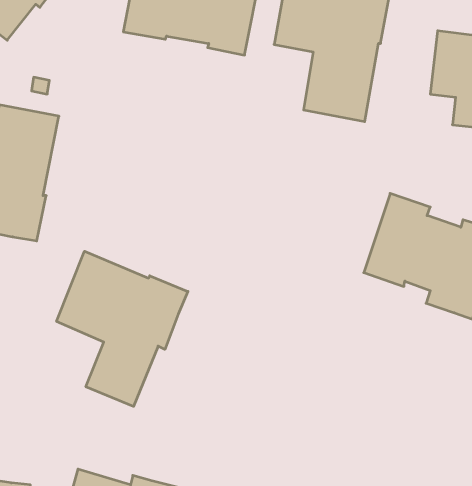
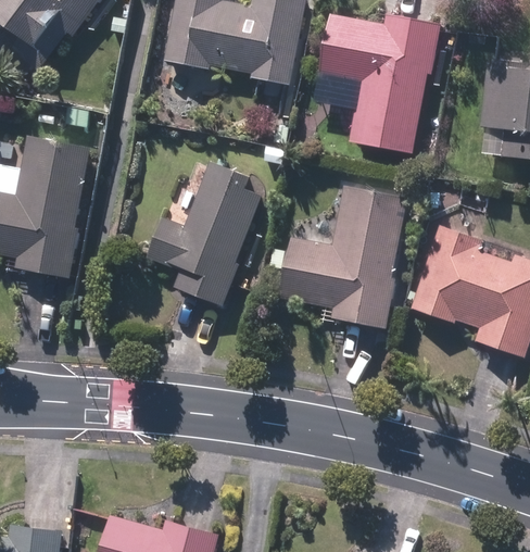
building: none -> [153,163,266,306]
building: none -> [277,187,404,328]
building: [57,251,188,406] -> none

